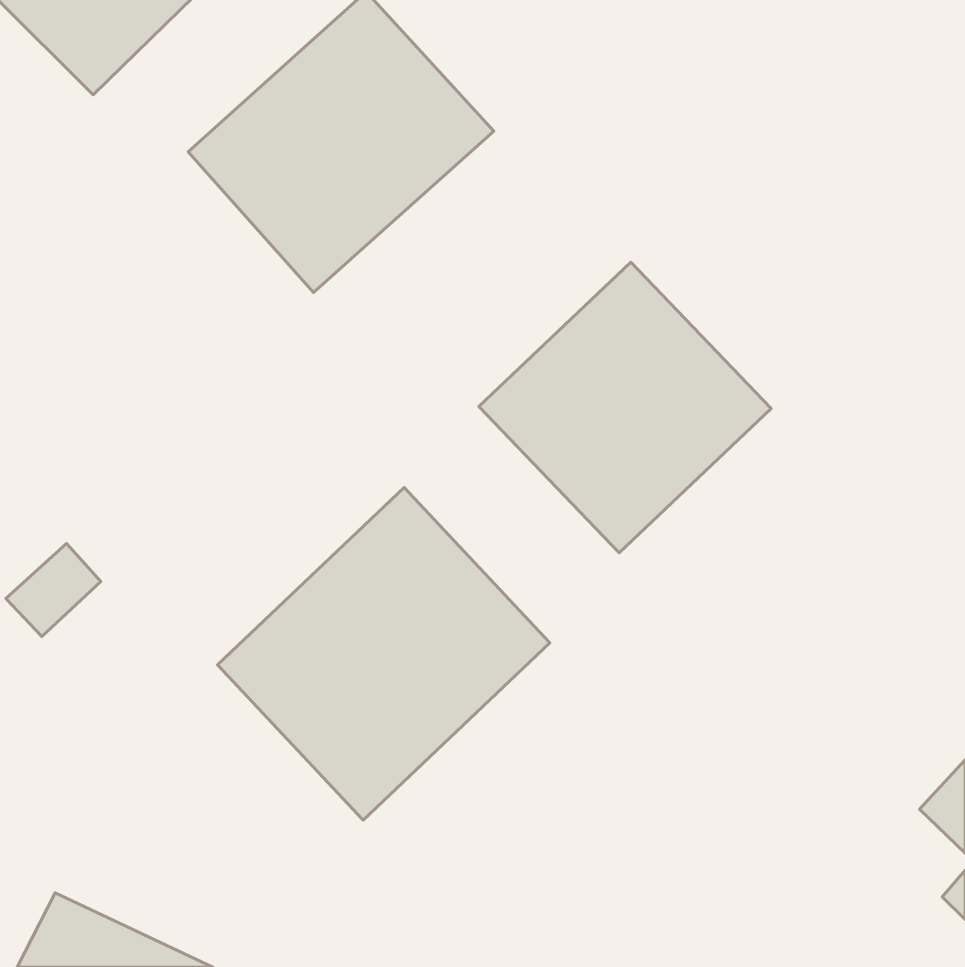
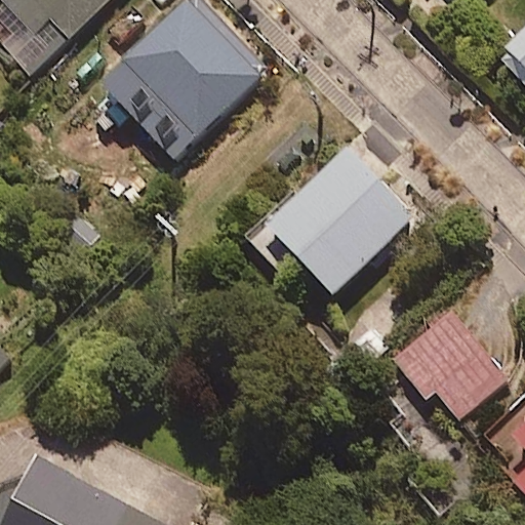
building: [218,488,550,820] -> none
building: none -> [388,307,513,418]

